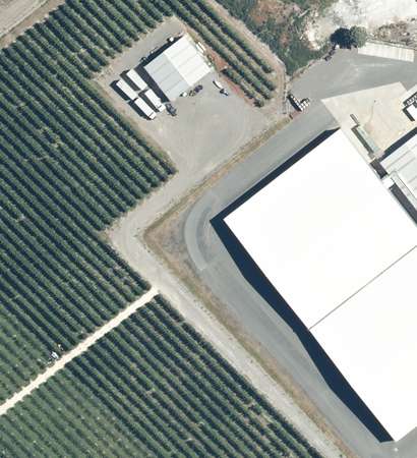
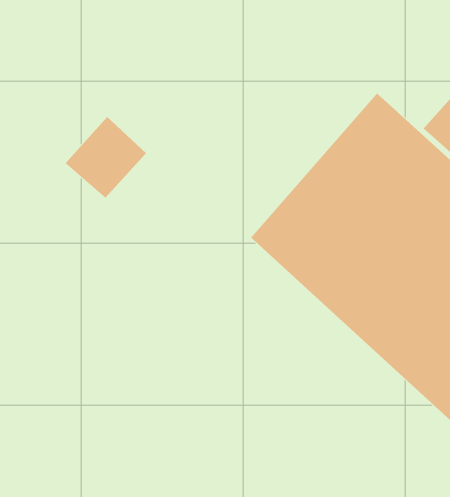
building: [139,34,203,97] -> [65,116,147,199]

